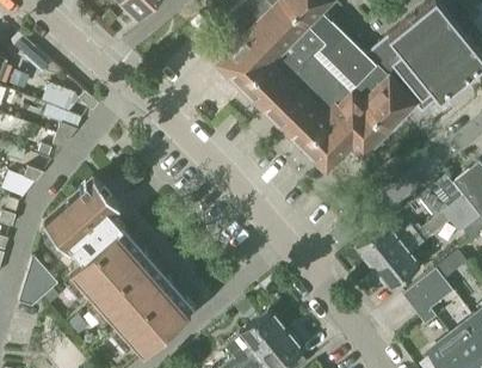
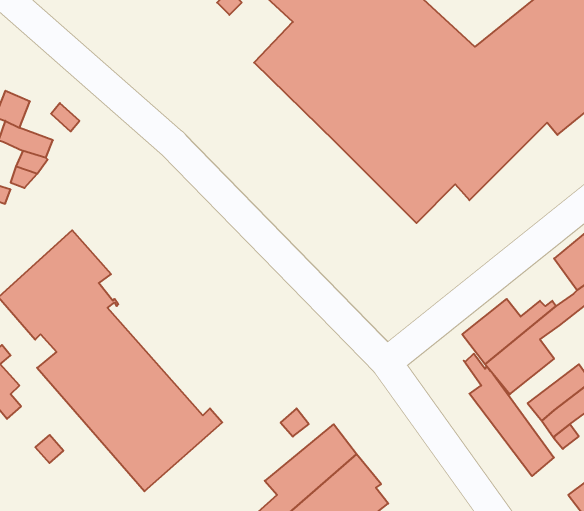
building: none -> [464,354,554,476]

